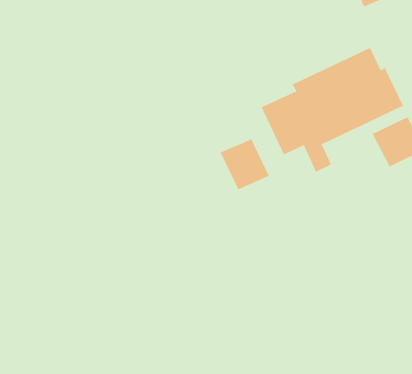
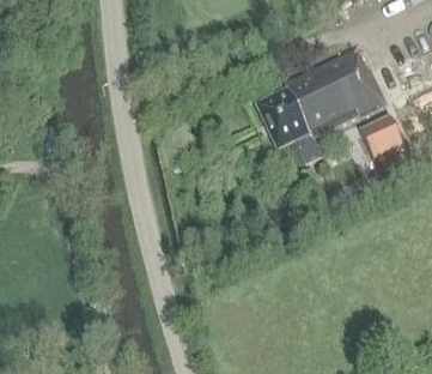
building: [220,138,270,190] -> none

